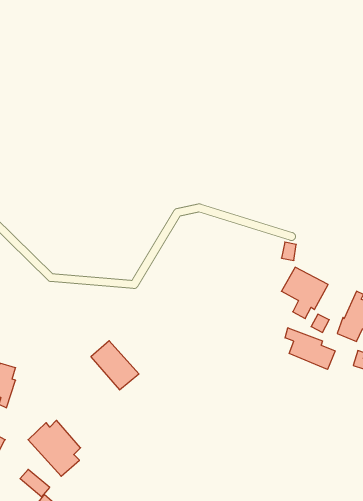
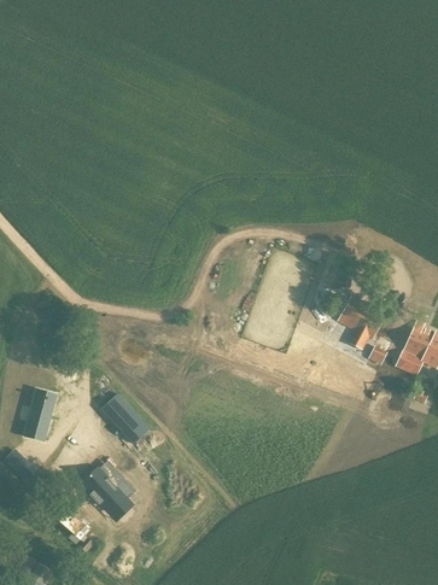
building: [285,328,335,369] -> none
building: [91,341,139,390] -> [98,394,148,446]

